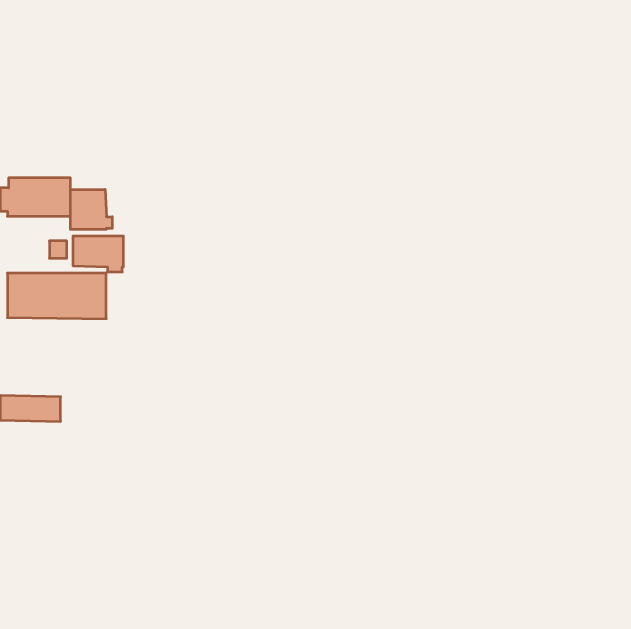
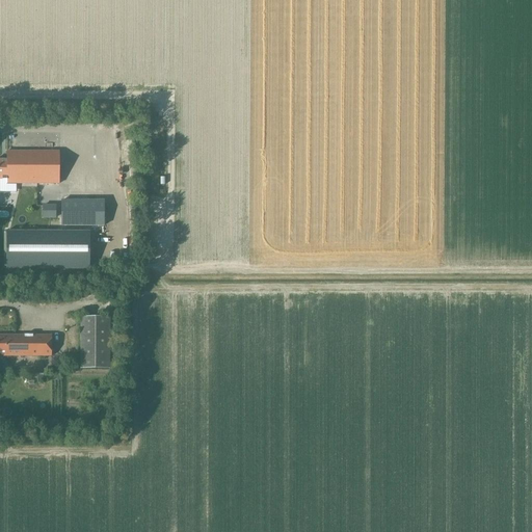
building: [70,189,112,229] -> none
building: none -> [80,315,109,367]

